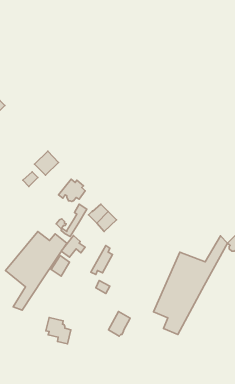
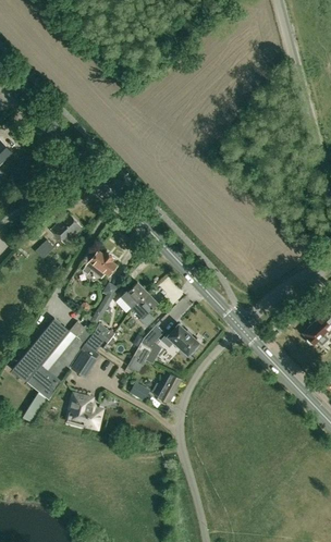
building: [154,236,228,334] -> none
building: none -> [161,325,199,356]
building: [109,311,130,336] -> [154,371,182,404]
building: [46,317,71,344] -> [70,394,102,429]

